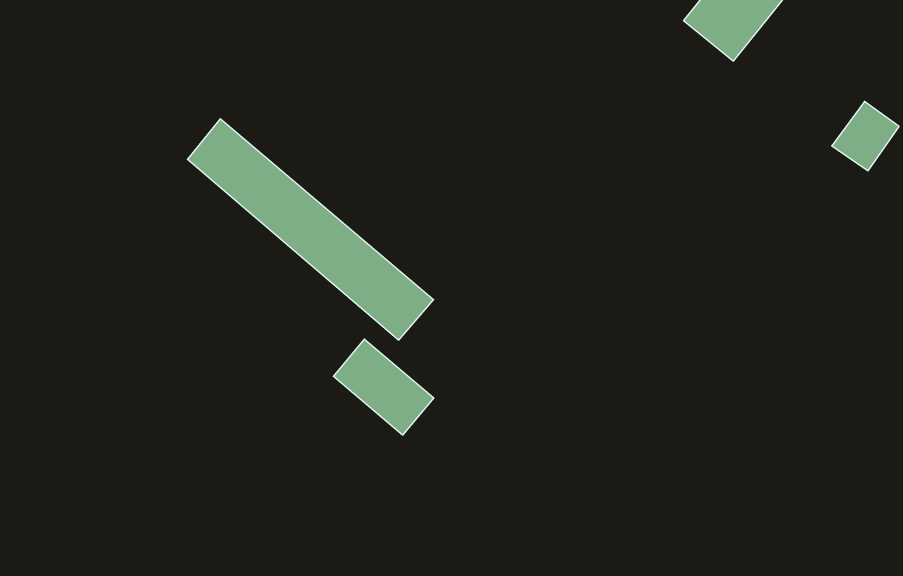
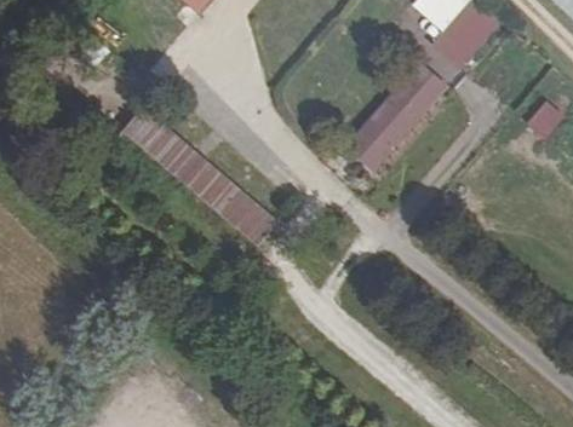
building: none -> [348,60,443,165]
building: [333,339,434,435] -> none

